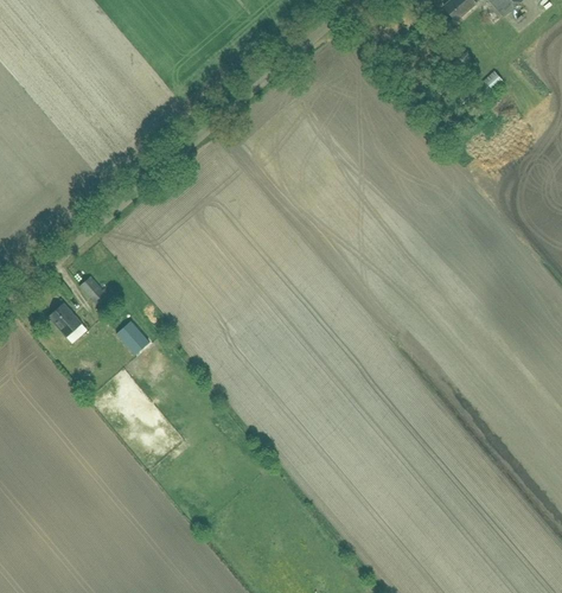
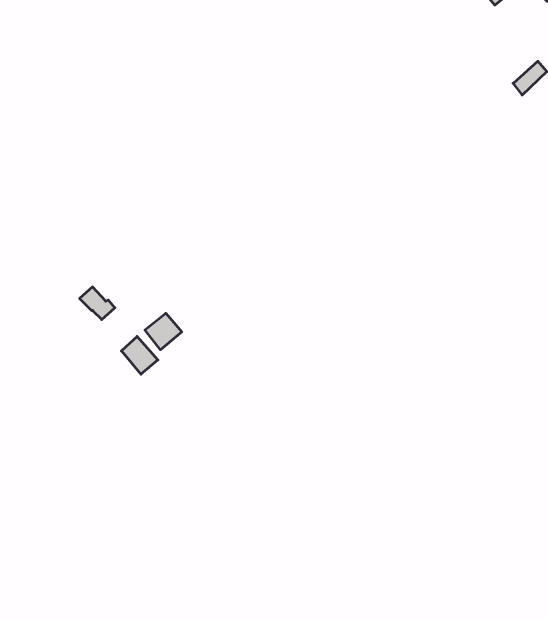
building: none -> [145,313,182,350]
building: [49,302,81,336] -> none

